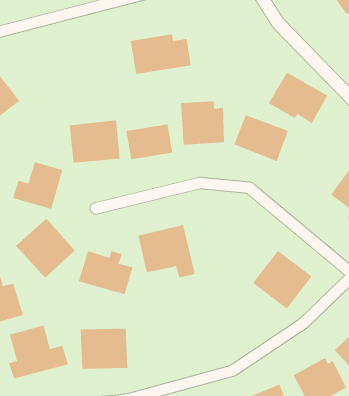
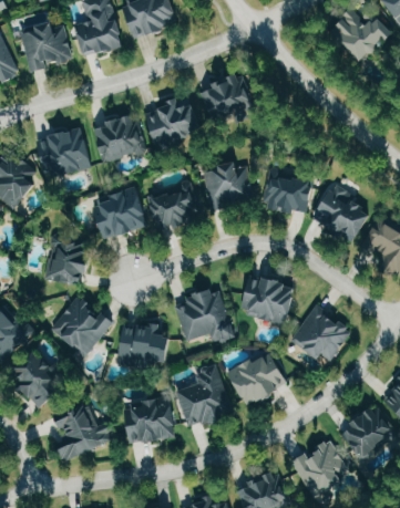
building: none -> [204,73,254,124]
building: none -> [91,115,144,164]
building: none -> [37,129,92,176]
building: [268,72,328,124] -> [312,188,372,238]
building: none -> [237,273,296,326]
building: none -> [227,352,285,406]
building: none -> [174,365,232,429]

